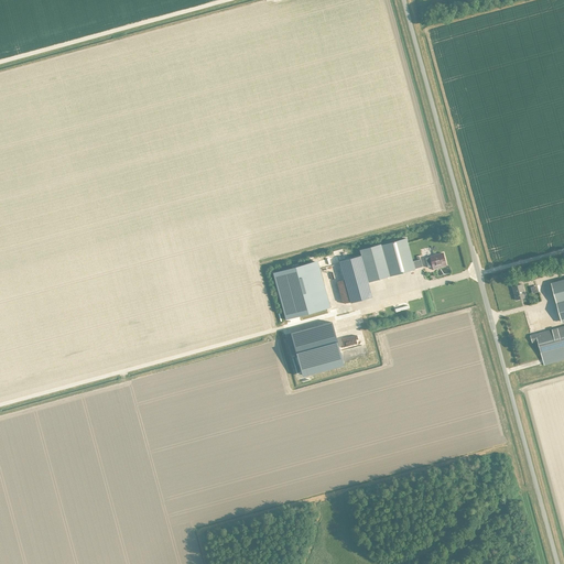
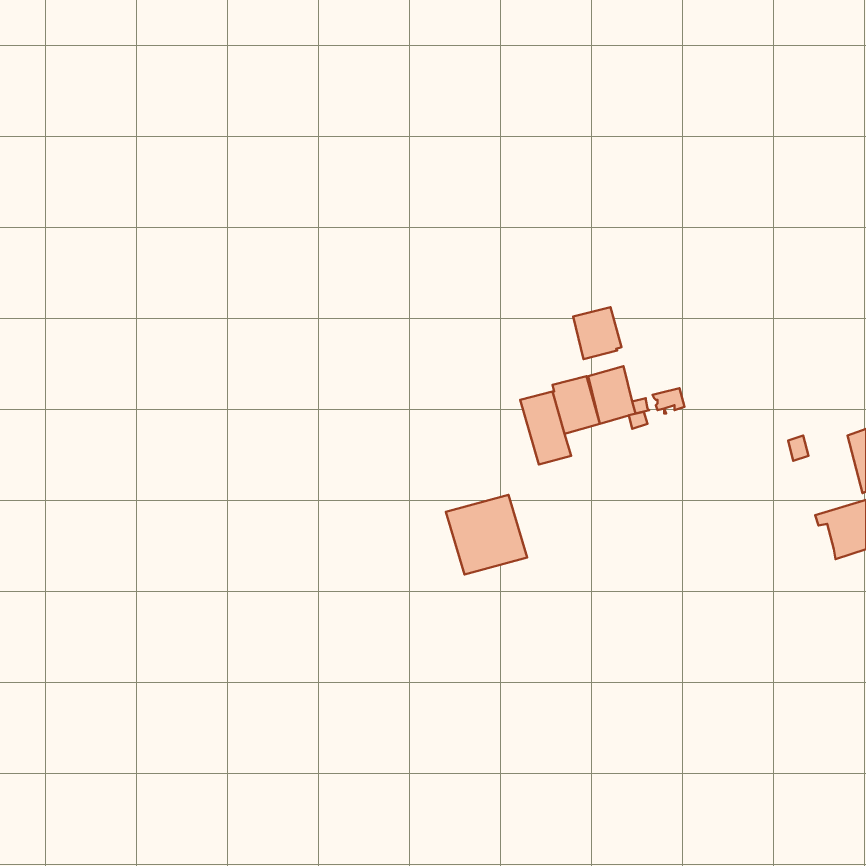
building: none -> [573,307,621,359]
building: [273,261,328,318] -> none

